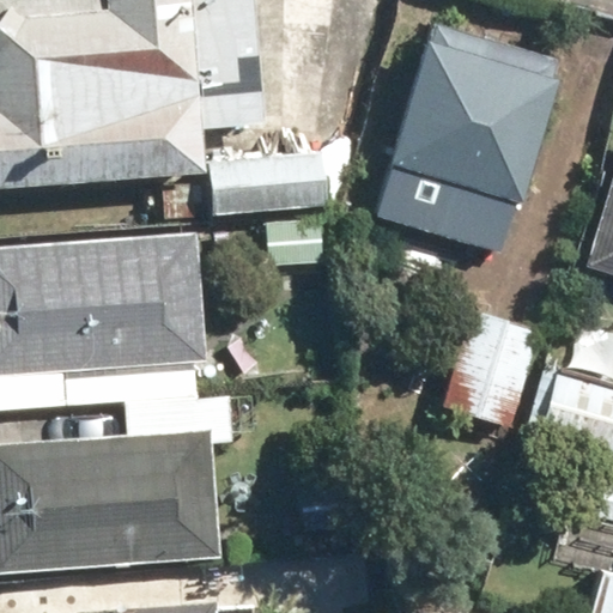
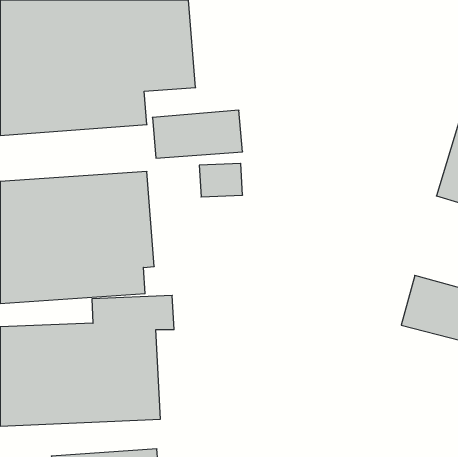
building: [375,20,560,254] -> none
building: [433,304,540,427] -> none

